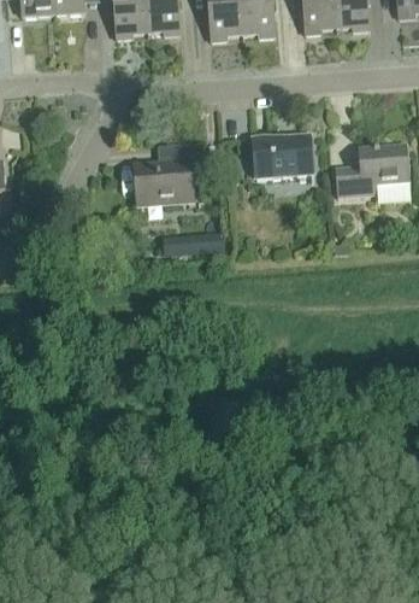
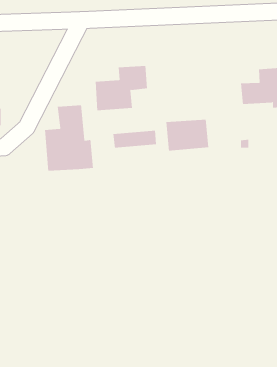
building: [253,133,312,176] -> [166,119,209,151]
building: none -> [45,104,93,172]

